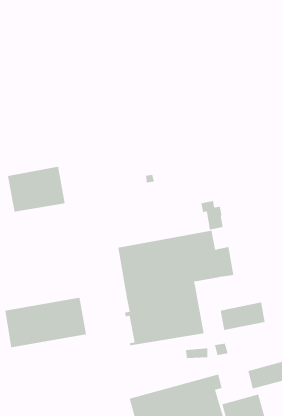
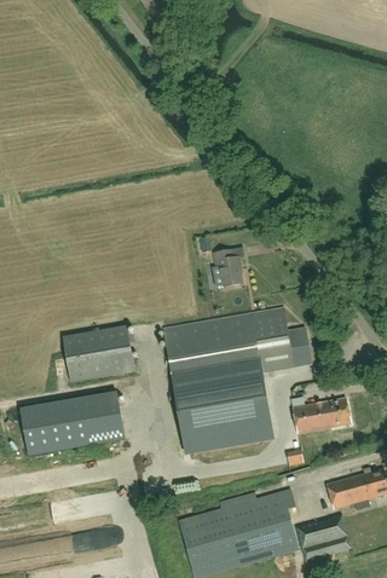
building: [7,166,66,212] -> [62,324,135,382]
building: [201,200,223,230] -> [213,249,242,287]

